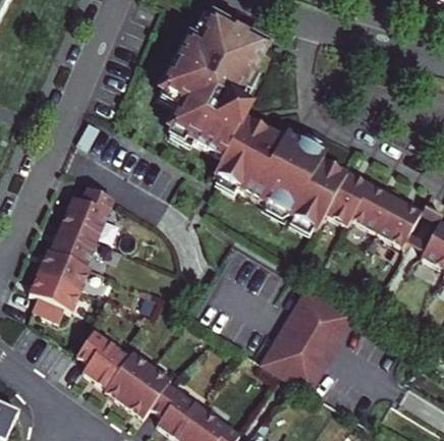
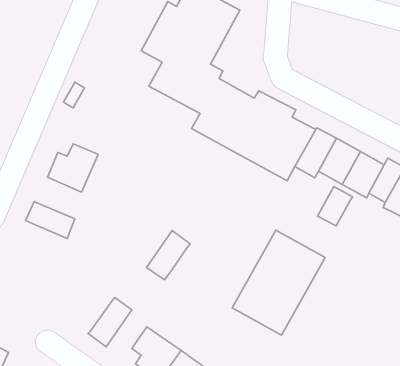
building: [49,223,98,266] -> none
building: none -> [318,187,353,226]
building: [29,270,82,322] -> none
building: [77,331,130,389] -> none
building: [124,366,171,419] -> [147,231,190,280]

